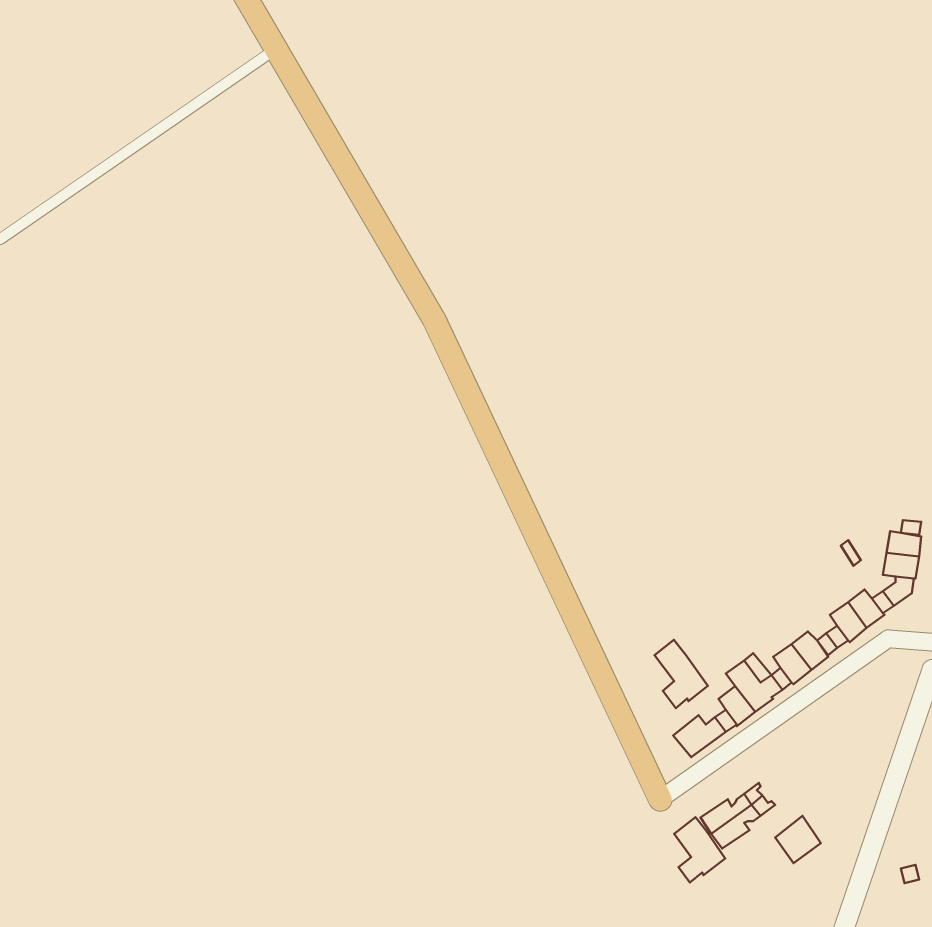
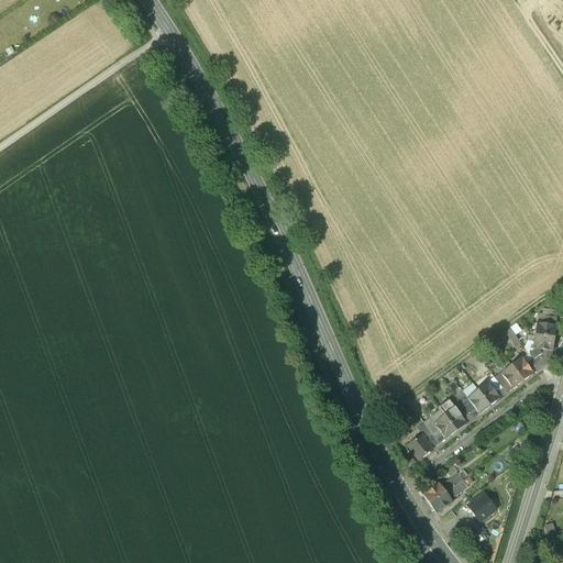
building: [655,640,708,708] -> none
building: [674,817,725,883] -> none

